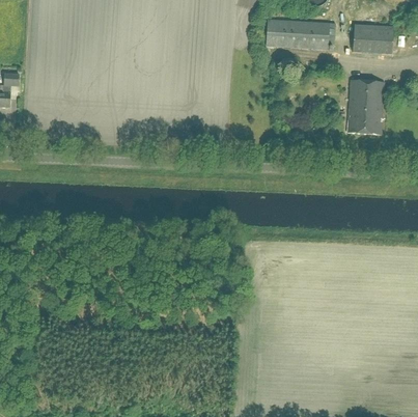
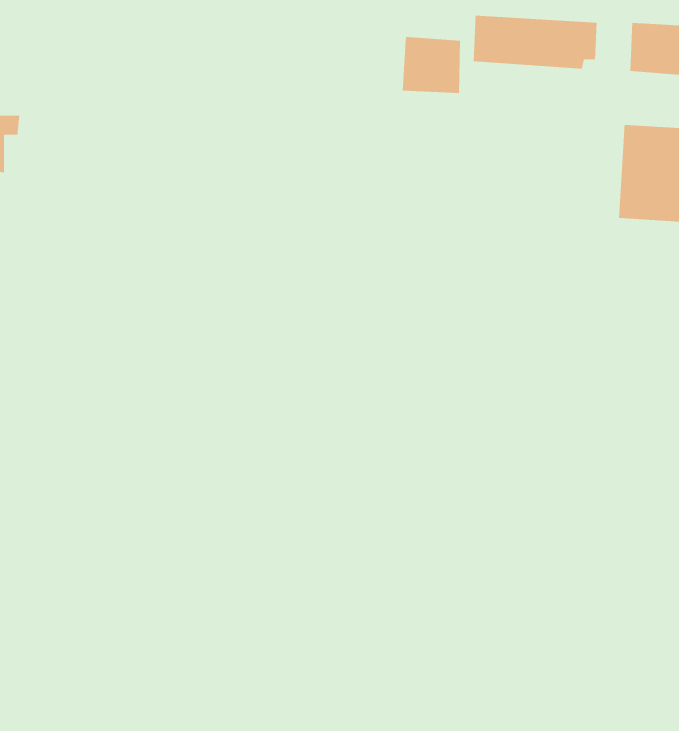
building: none -> [402,36,461,94]

